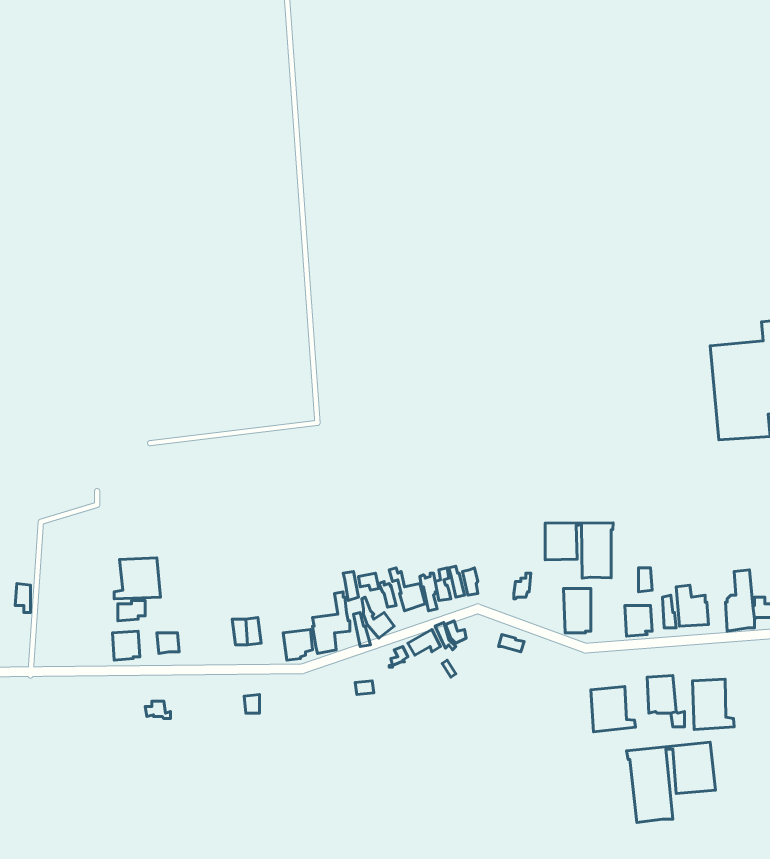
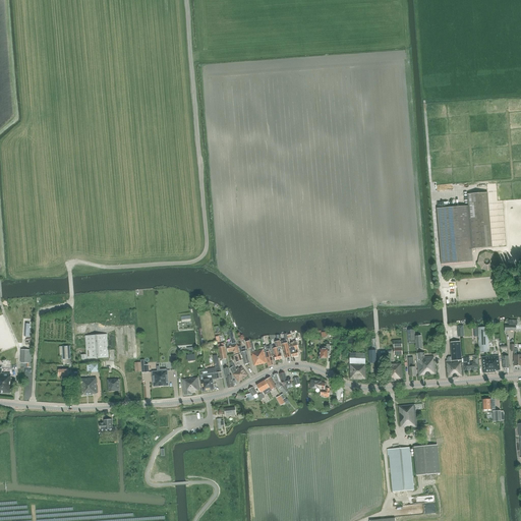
building: [545,523,613,578] -> none
building: [693,679,734,729] -> none
building: [591,687,635,732] -> none

